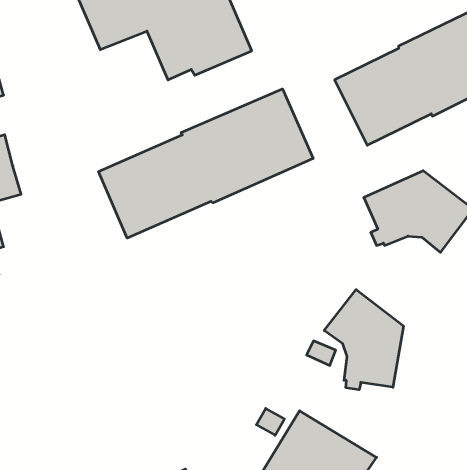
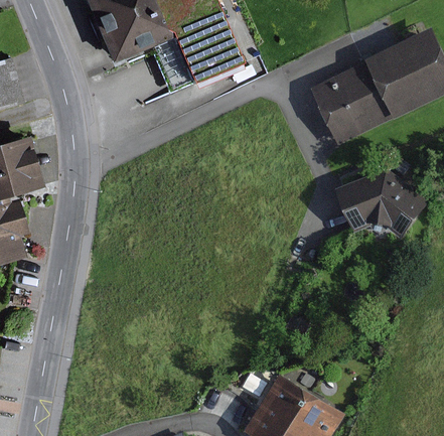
building: [99,89,313,238] -> none
building: [324,290,403,390] -> none

